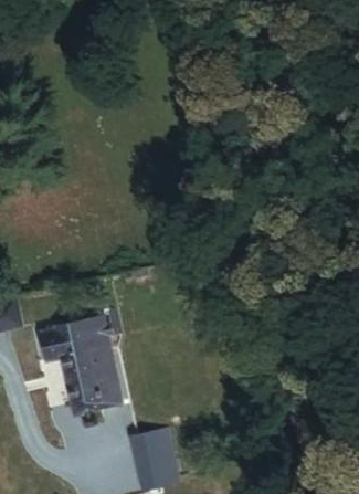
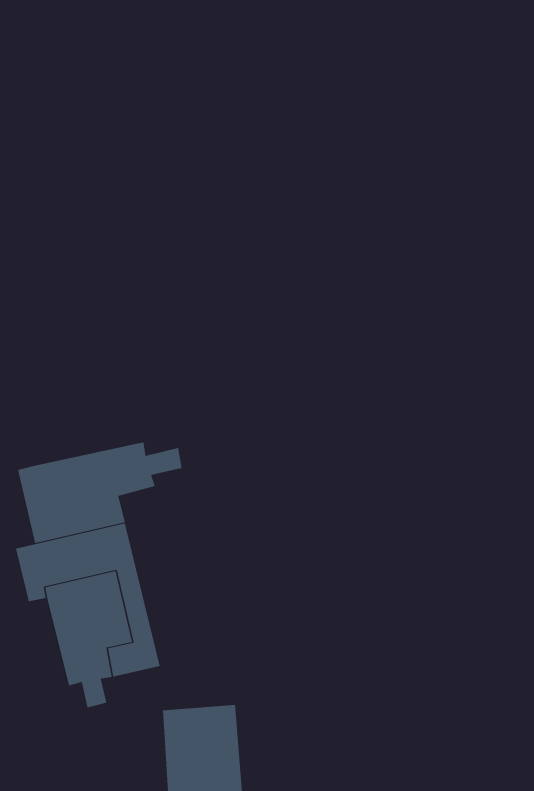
building: none -> [18,442,182,544]

